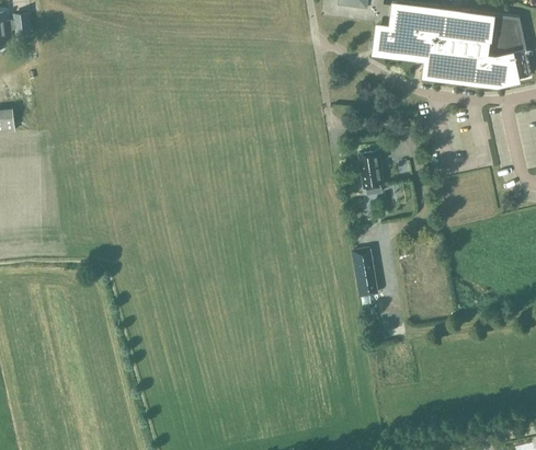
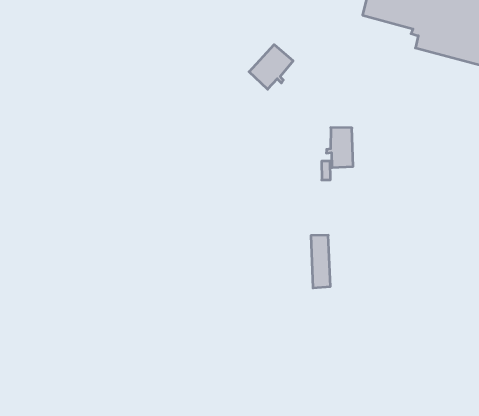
building: none -> [249,45,293,89]

